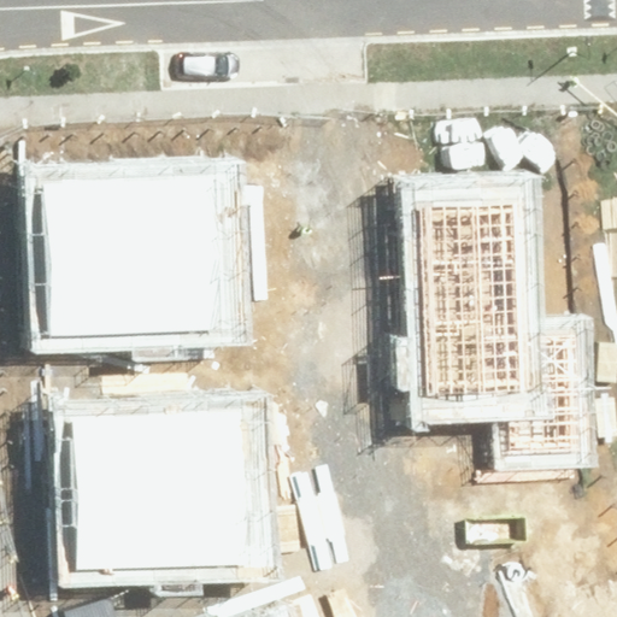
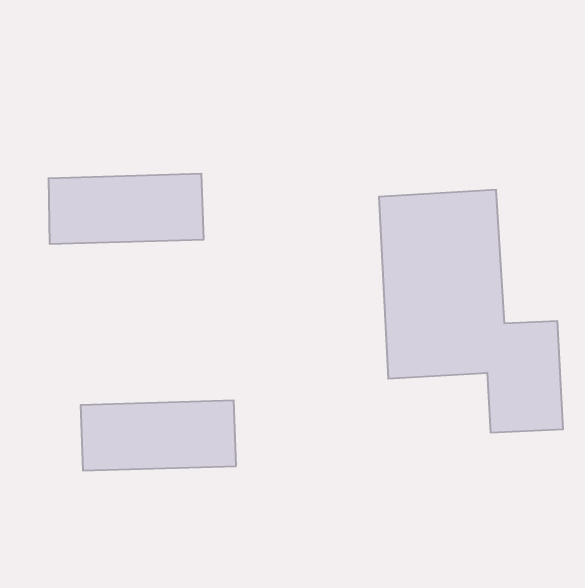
building: [55,251,219,329] -> none
building: [90,488,253,566] -> none

